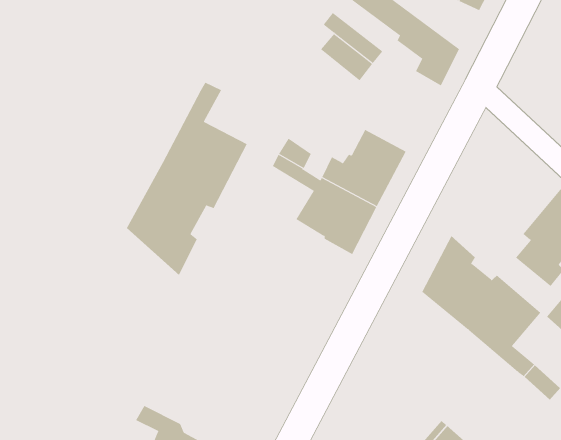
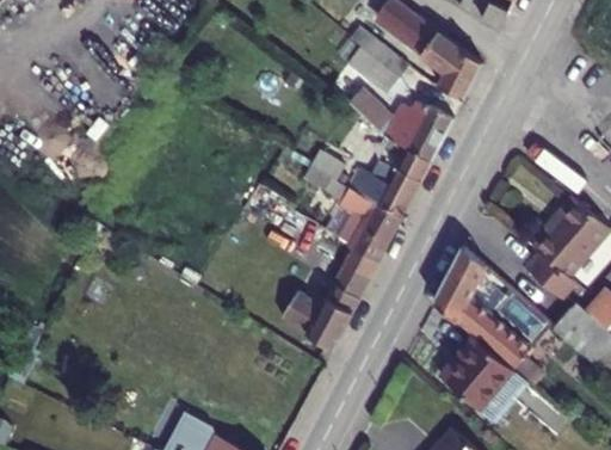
building: none -> [345,88,450,162]
building: [126,82,248,276] -> none
building: none -> [278,247,375,349]
building: none -> [448,335,535,417]

